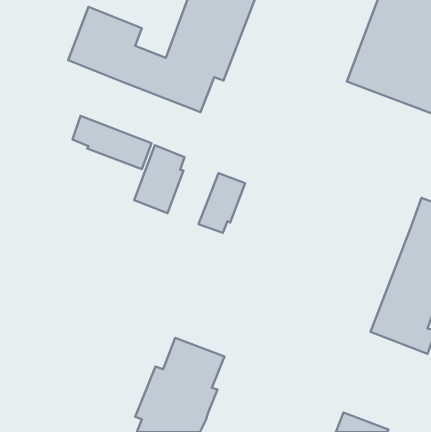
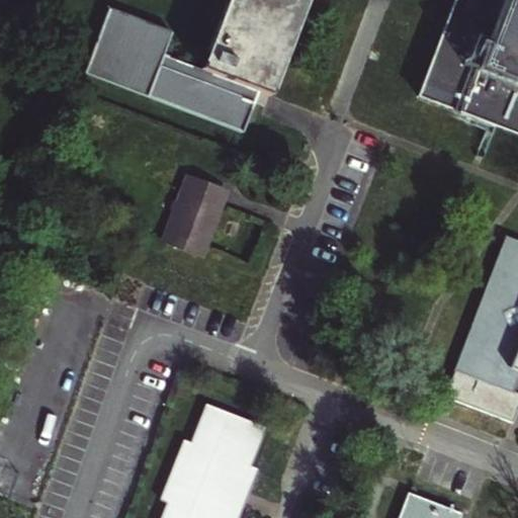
building: [72,116,152,169] -> none
building: [199,173,245,233] -> none

